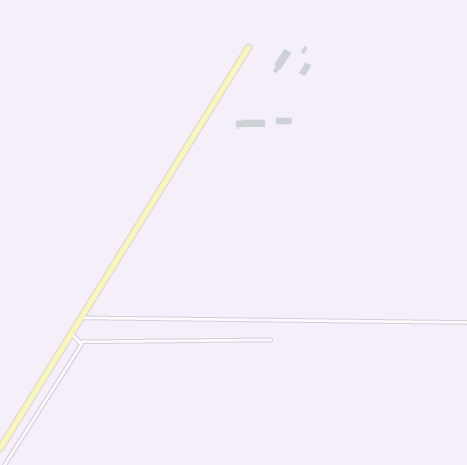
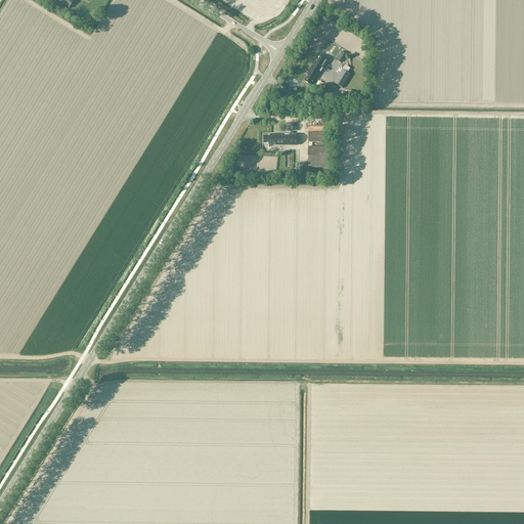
building: none -> [308,145,328,166]

